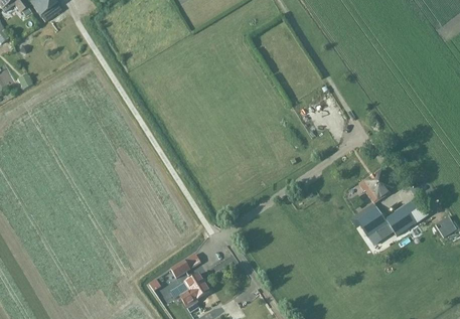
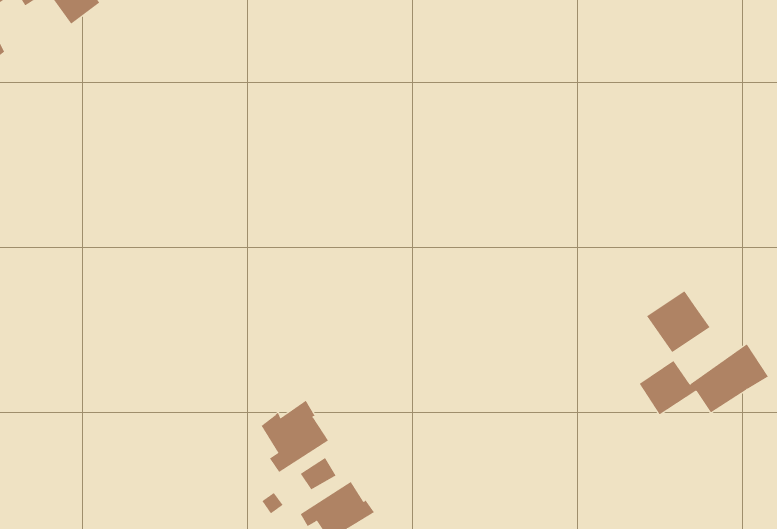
building: none -> [261,400,329,473]

